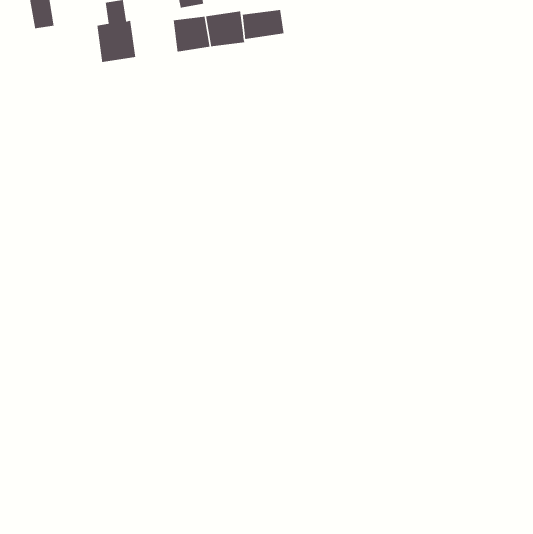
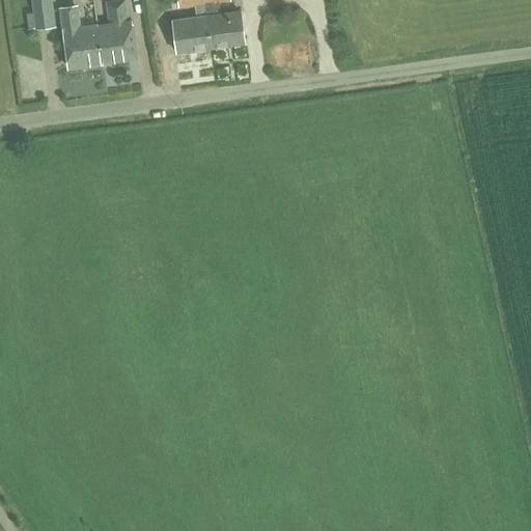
building: none -> [59,4,101,66]
building: [242,9,284,40] -> none

